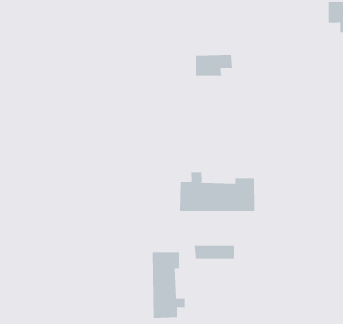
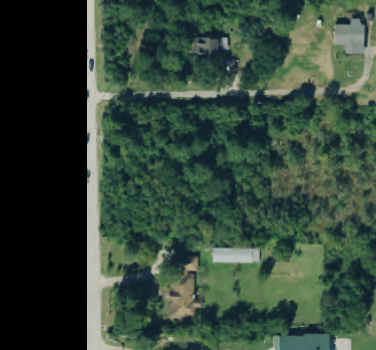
building: [195,55,233,76] -> [193,36,228,56]
building: [179,172,255,212] -> none

